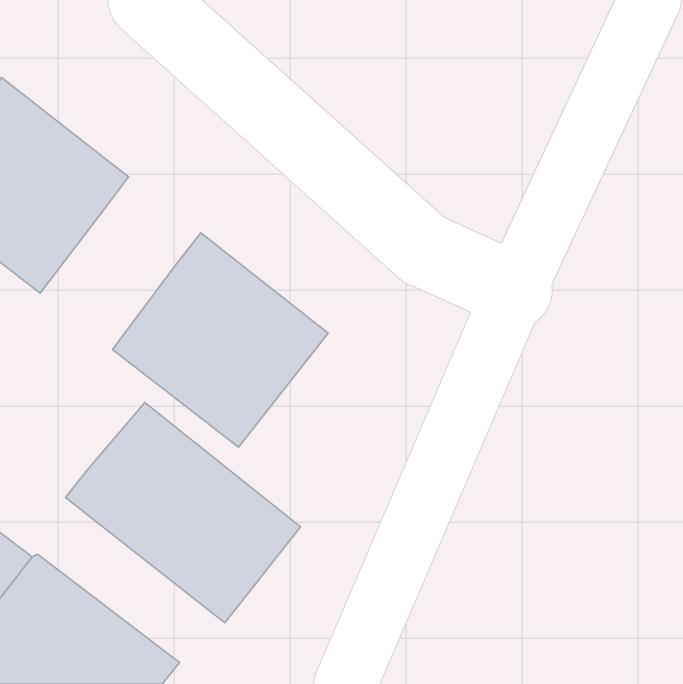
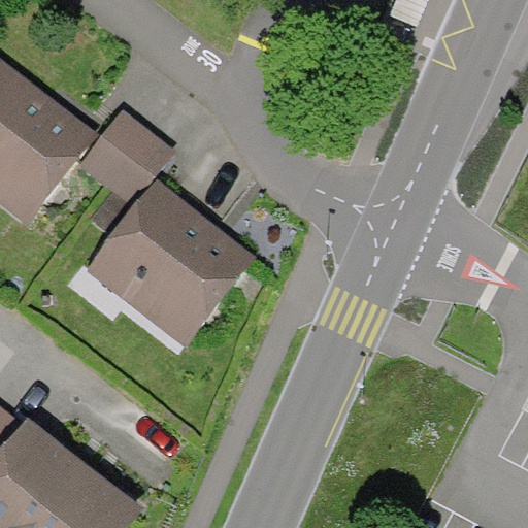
building: none -> [80,108,176,204]
building: [65,403,301,623] -> none

